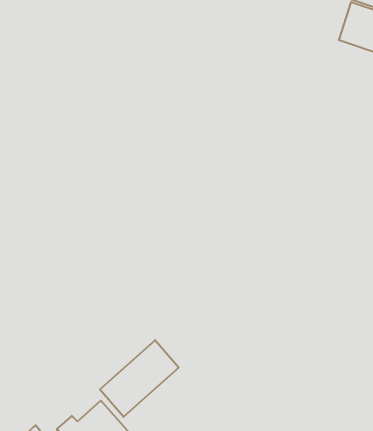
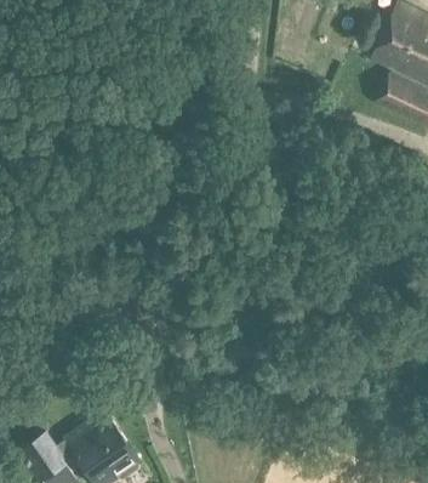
building: [100,340,179,417] -> none

